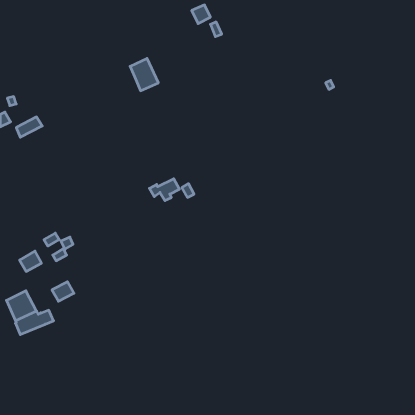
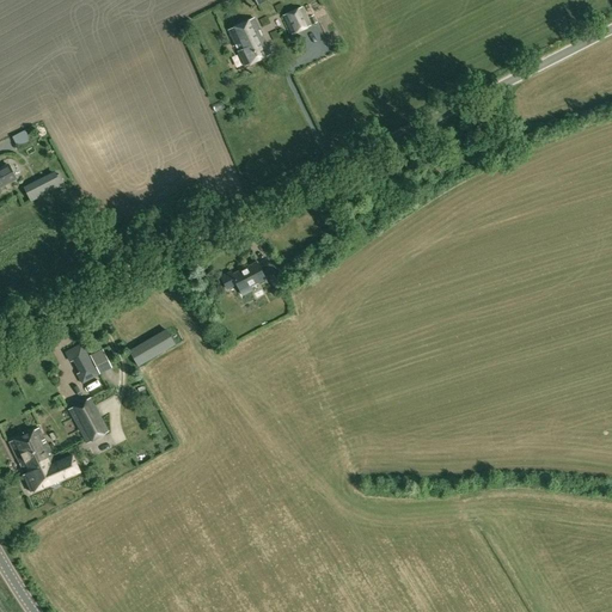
building: [130,58,158,91] -> [228,18,270,66]
building: none -> [128,328,176,366]
building: [20,251,41,271] -> [67,397,99,427]

